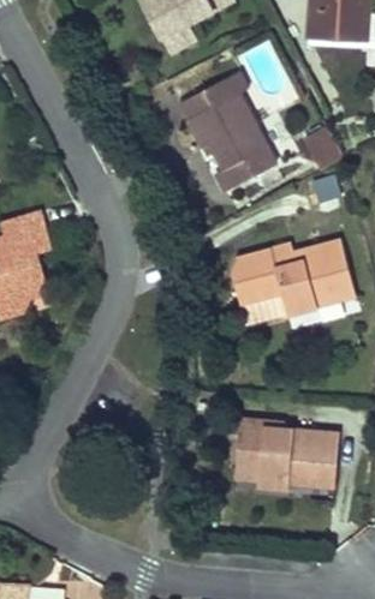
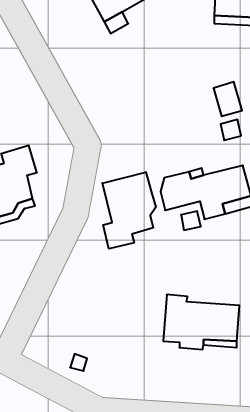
building: [172,68,272,191] -> none
building: none -> [102,172,156,249]

